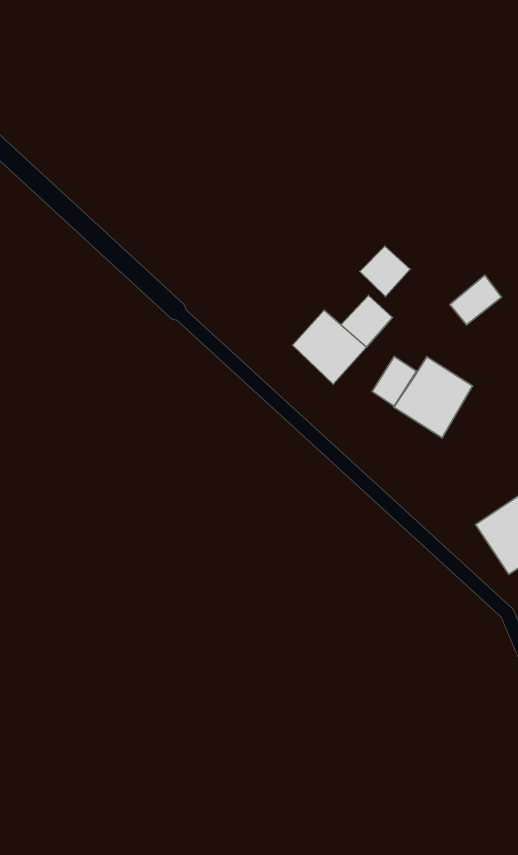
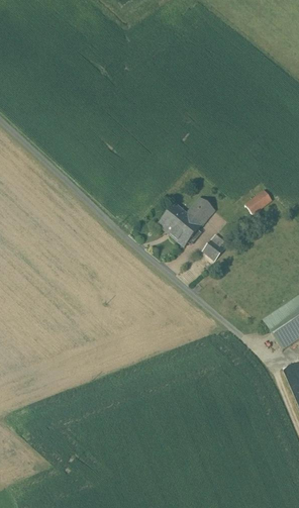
building: [360,246,410,297] -> none
building: [394,357,473,438] -> none

